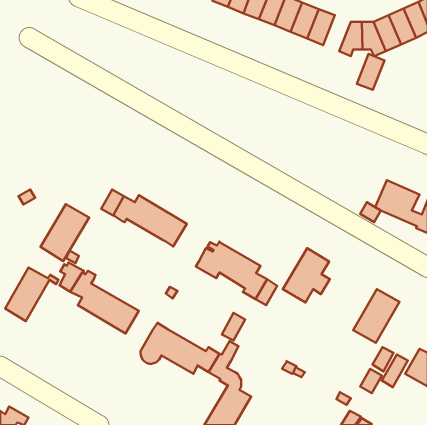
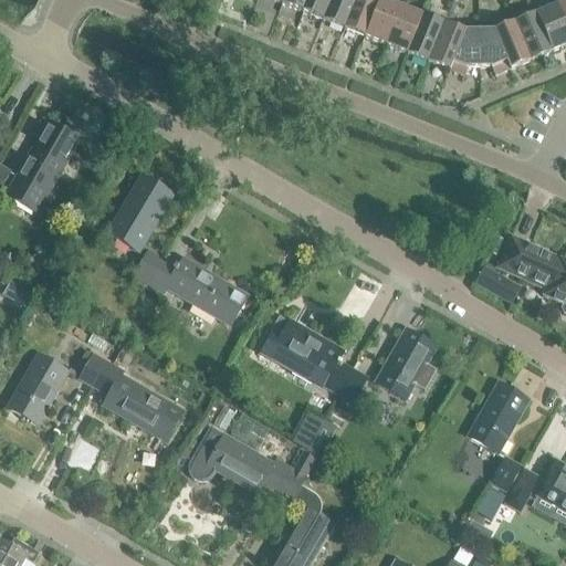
building: [357,54,385,90] -> [428,20,464,67]
building: none -> [8,122,78,216]
building: [41,204,89,261] -> [108,176,172,251]

